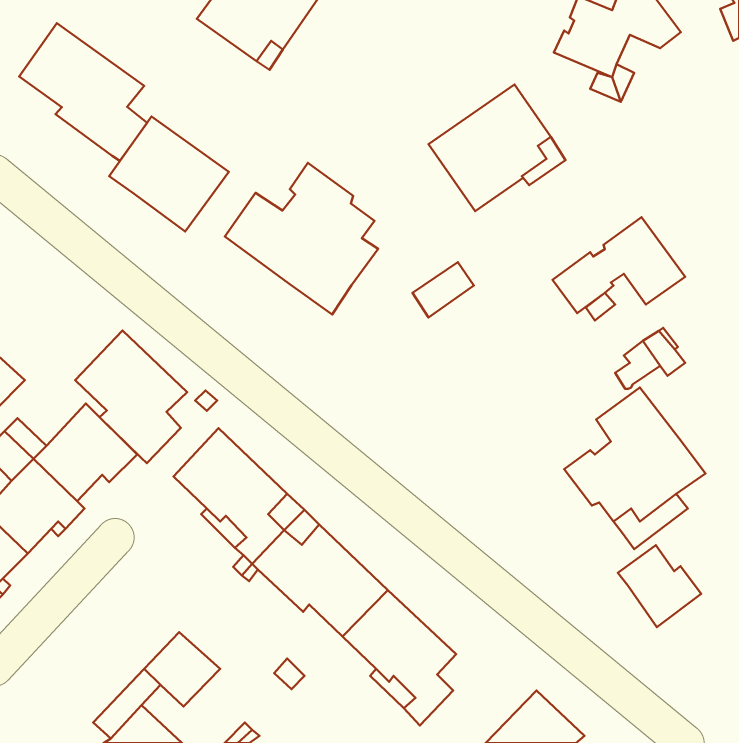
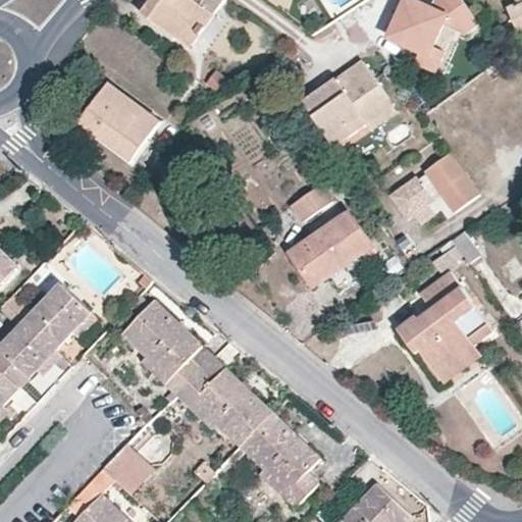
building: [19,23,147,161] -> none
building: [225,163,378,315] -> none
building: none -> [288,213,370,288]
building: [75,330,187,463] -> none
building: [618,545,701,627] -> none

